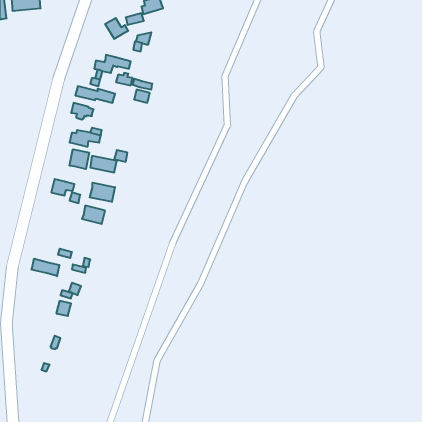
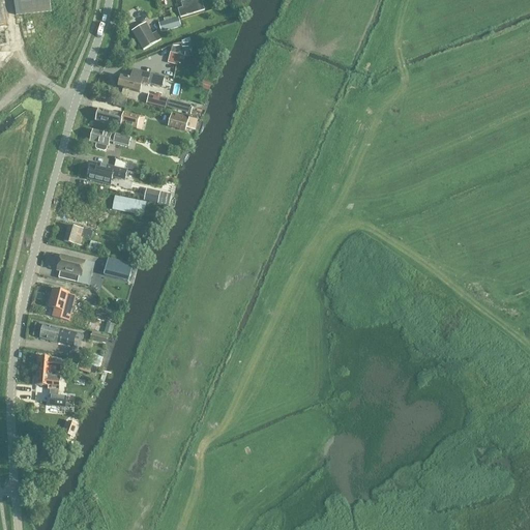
building: [70,149,89,169] -> none
building: [90,183,115,202] -> none
building: none -> [56,255,84,282]
building: none -> [47,287,75,320]
building: none -> [35,355,64,406]

